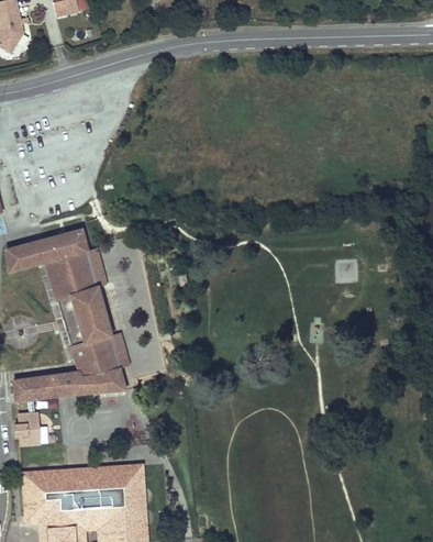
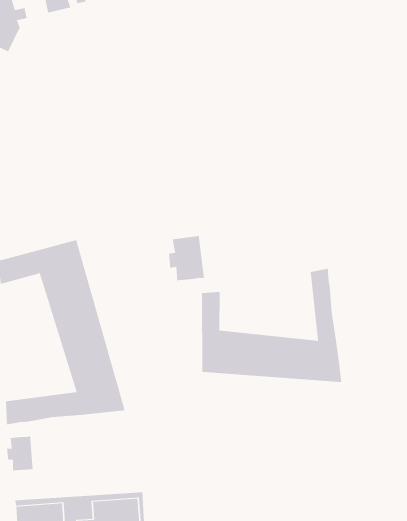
building: none -> [169,235,204,281]
building: none -> [201,268,342,383]

